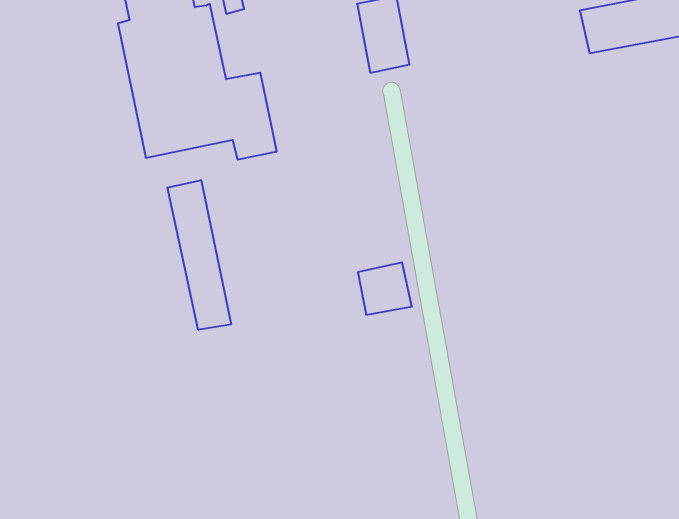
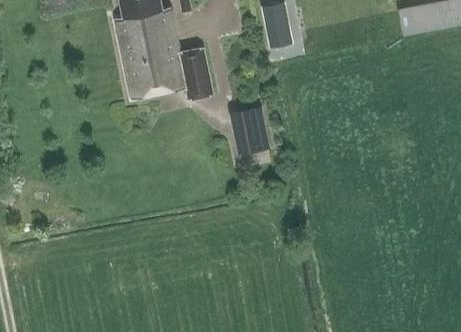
building: [168,180,231,330] -> none
building: [358,262,412,315] -> [236,120,269,152]

